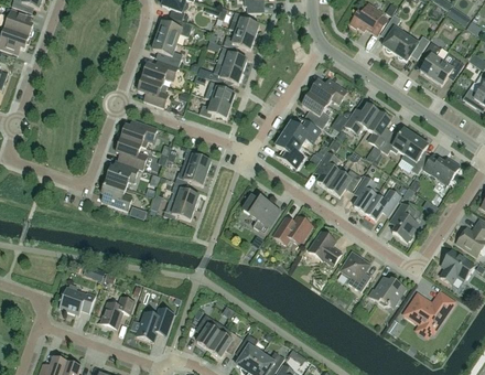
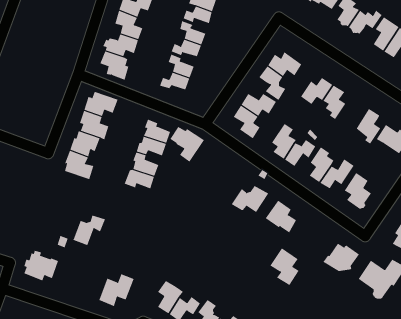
building: [380,128,414,153] -> none
building: [242,195,279,233] -> [169,126,205,162]
building: [340,250,370,290] -> [270,248,300,286]
building: [96,296,134,328] -> [68,215,106,246]

